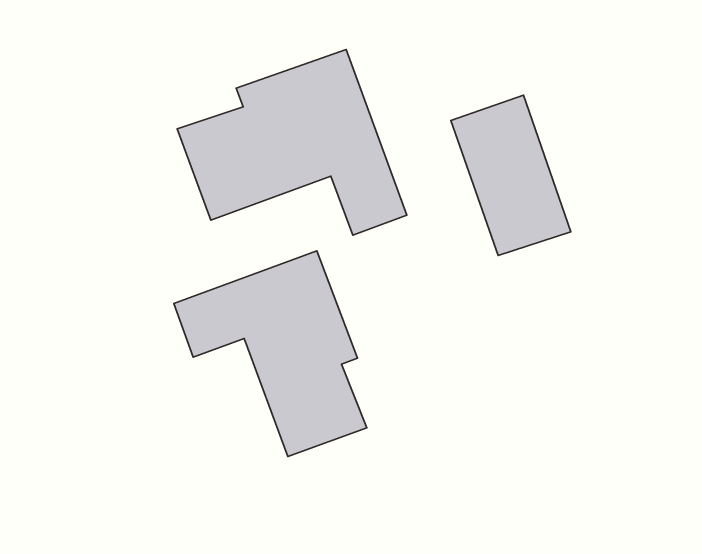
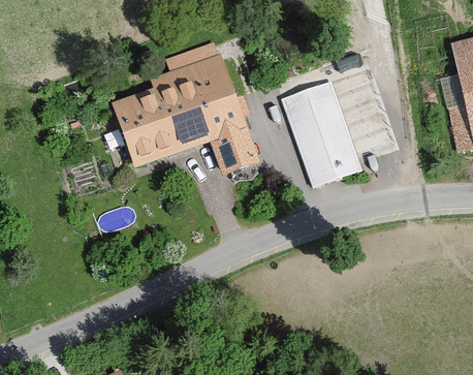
building: [174,251,367,456] -> none

